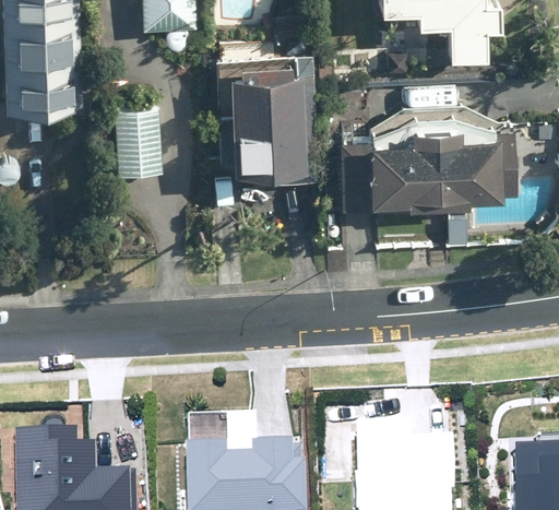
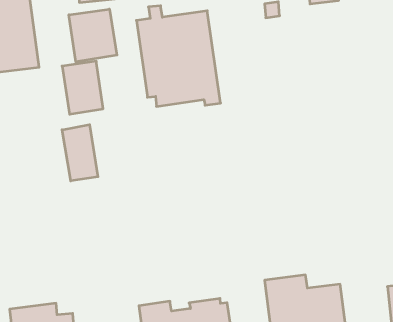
building: none -> [69,9,117,62]
building: [338,130,516,245] -> none
building: none -> [62,125,98,181]

